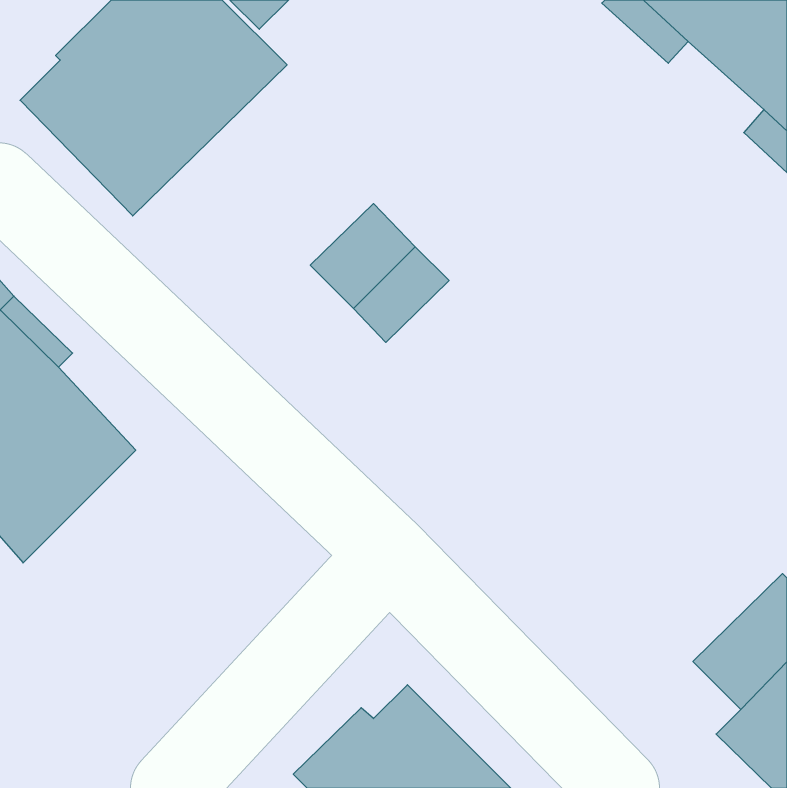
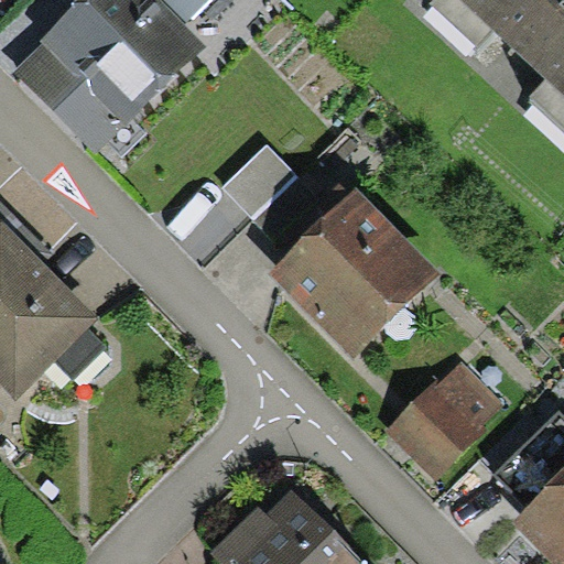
building: none -> [268,187,440,358]
building: none -> [383,358,509,484]

